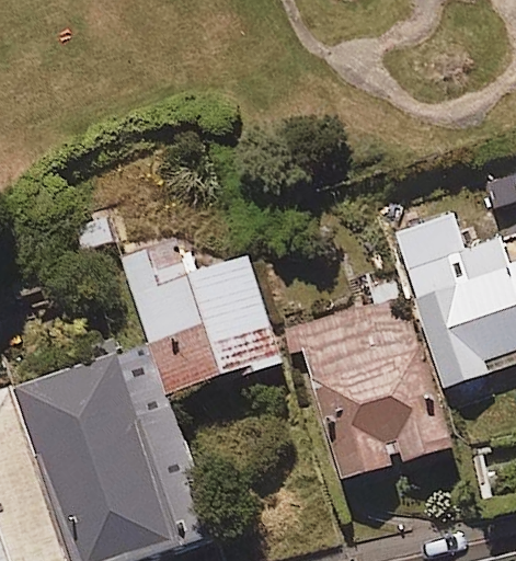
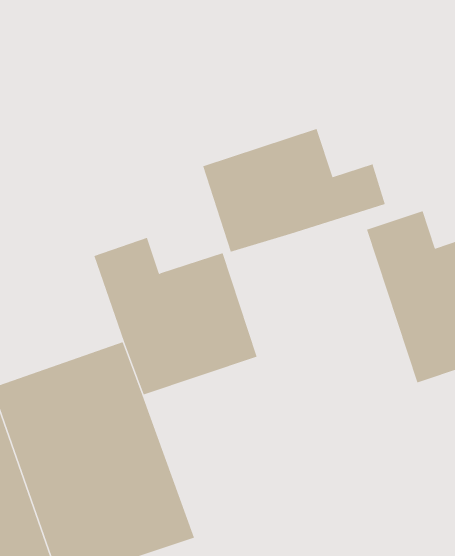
building: none -> [202,128,385,253]
building: [290,276,446,478] -> none

